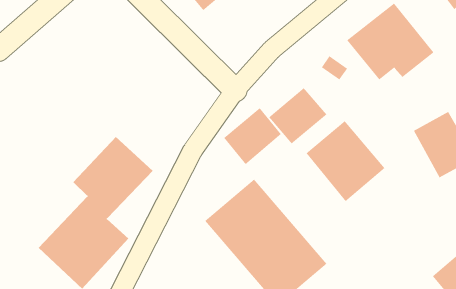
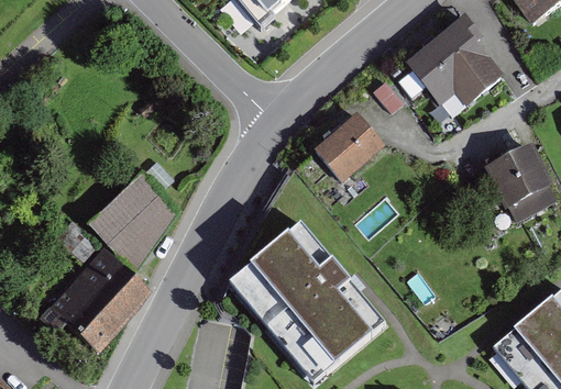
building: [223,107,282,165] -> none
building: [306,120,386,202] -> none

